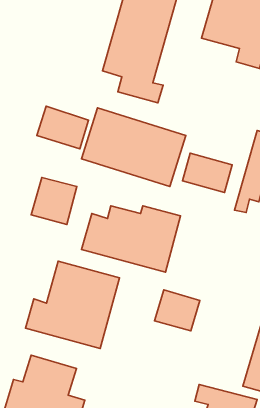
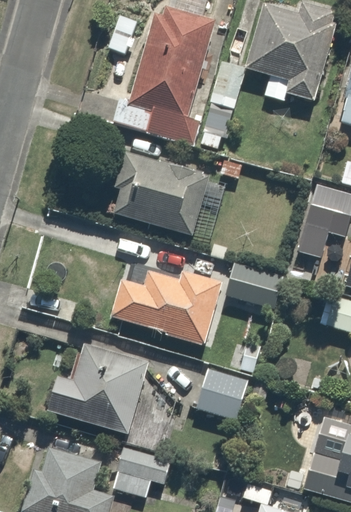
building: [37,106,88,149] -> none
building: [183,153,232,192] -> [225,268,284,315]
building: [31,177,77,225] -> none
building: none -> [108,444,174,500]

